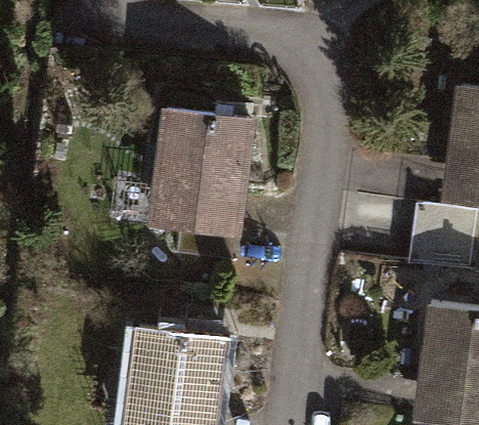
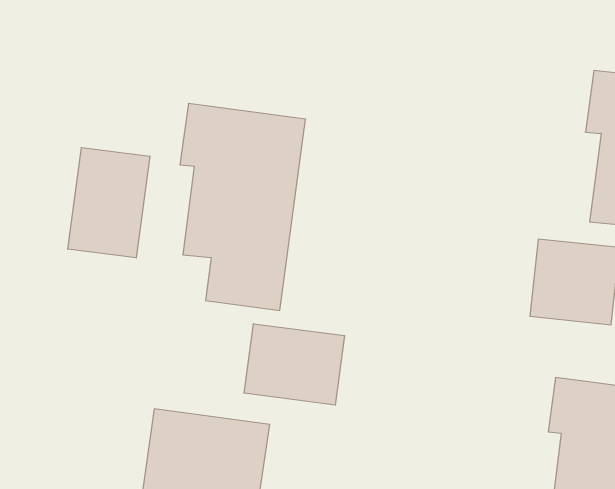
building: none -> [68,147,150,258]
building: none -> [244,324,345,405]

